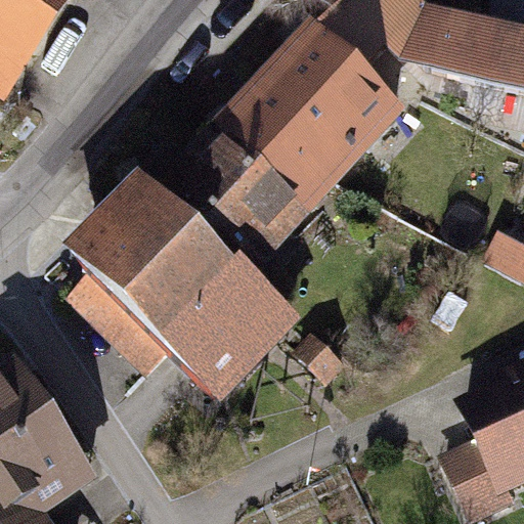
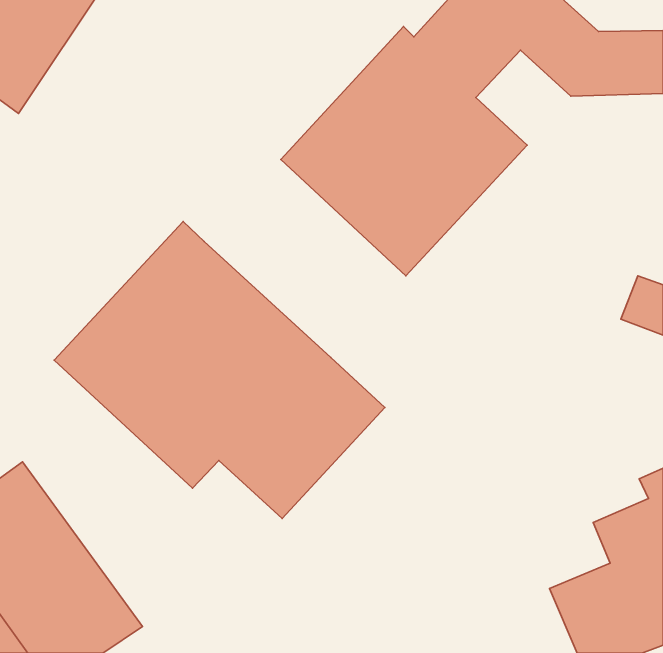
building: [159,124,315,277] -> none

